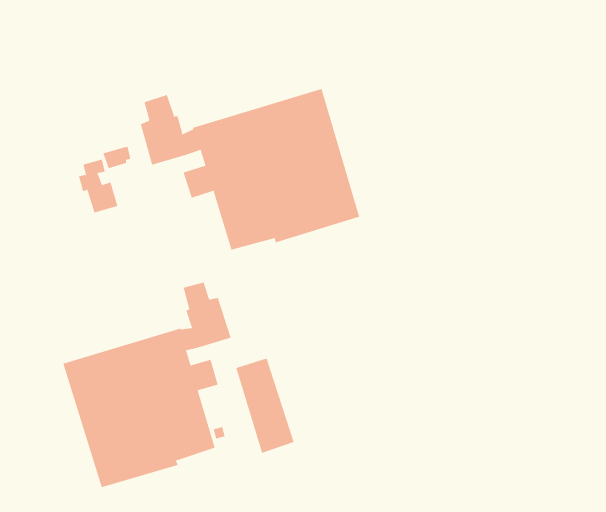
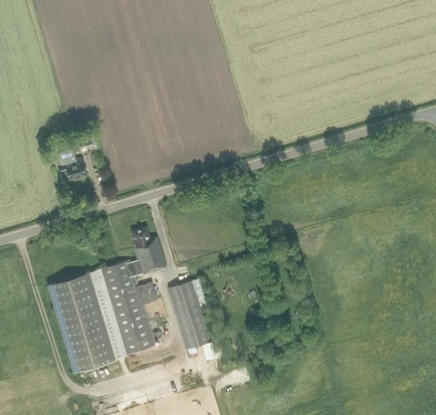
building: [140,88,360,250] -> none

